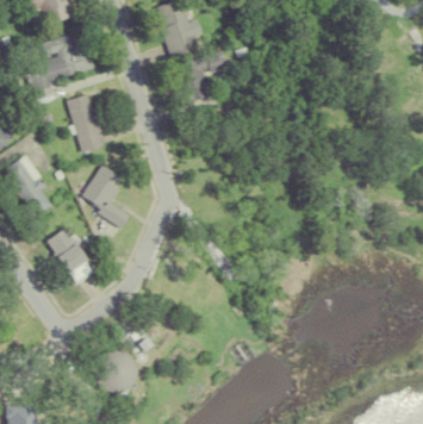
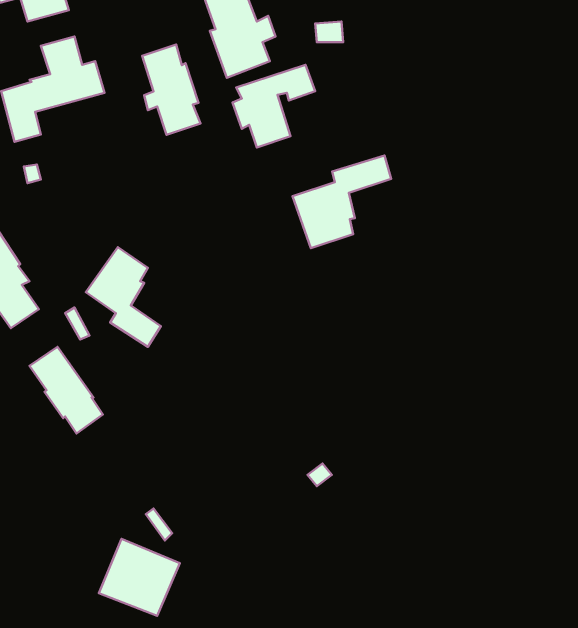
building: [67,94,104,151] -> [142,44,200,135]
building: none -> [293,155,391,248]

